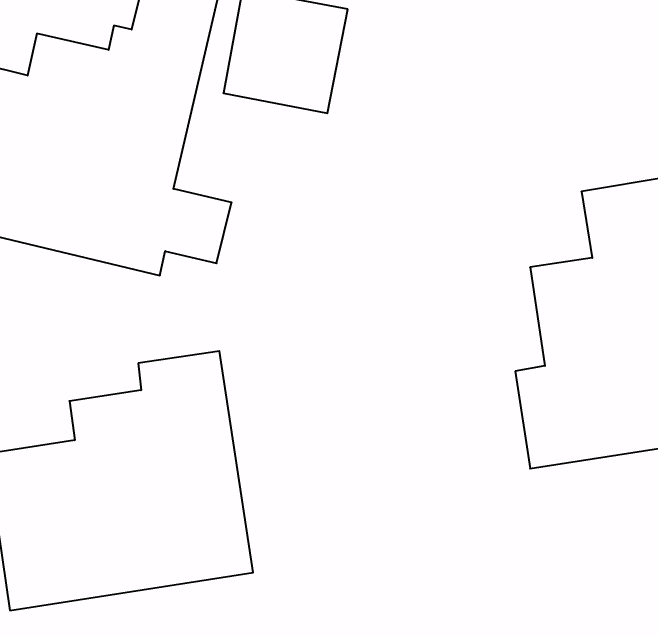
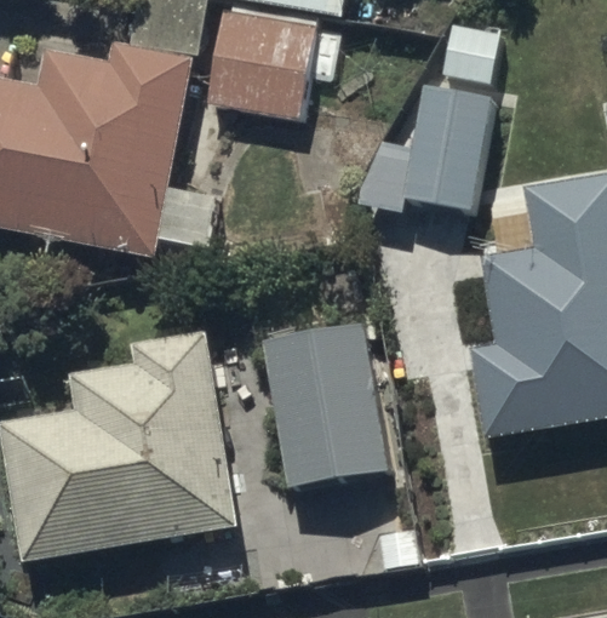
building: none -> [356,84,496,224]
building: none -> [264,324,395,492]

